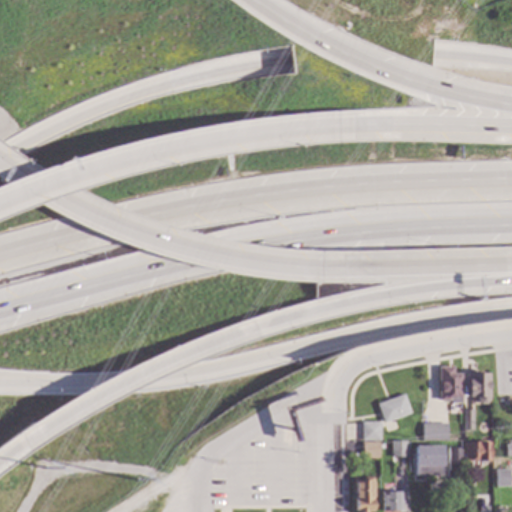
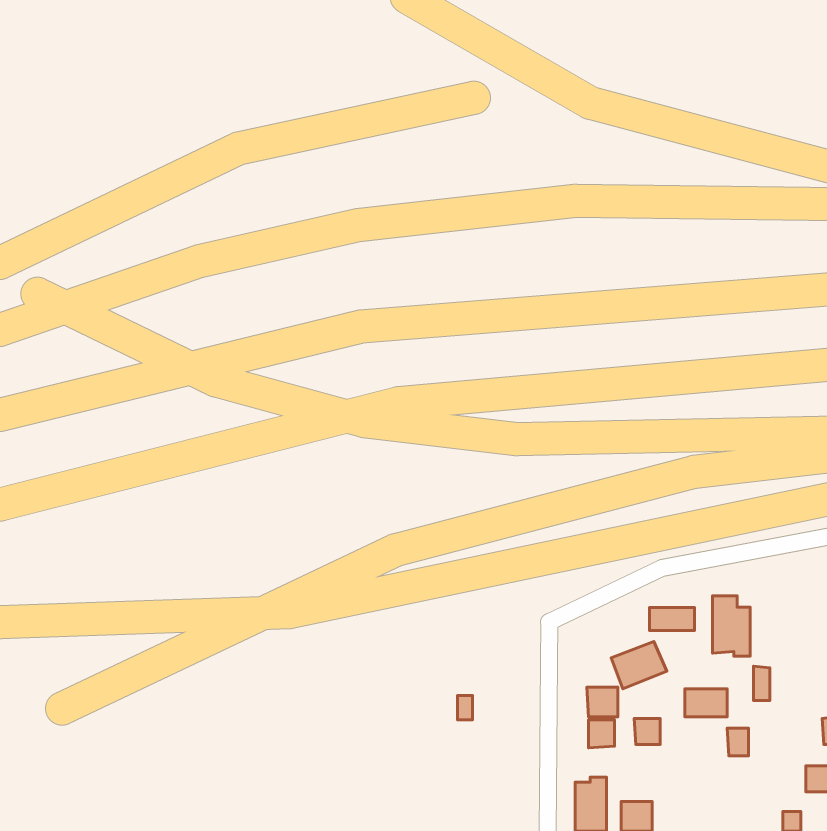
building: [471,372,493,403] -> none
building: none -> [649,607,694,630]
building: [466,440,492,460] -> none
building: [417,444,445,475] -> none

